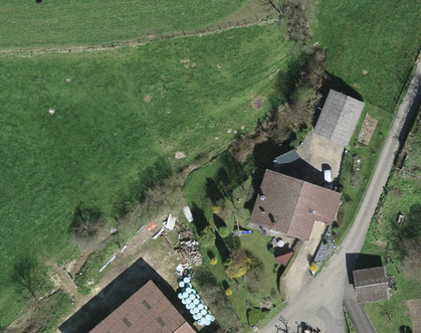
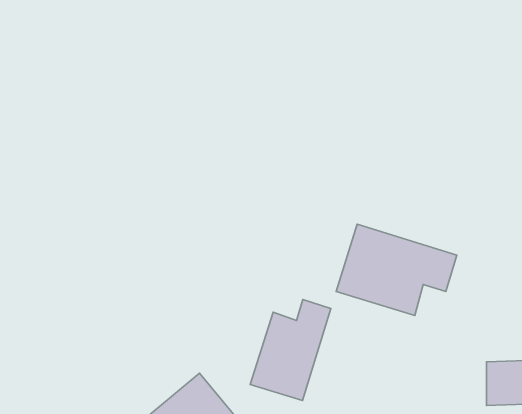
building: [313,95,360,146] -> none
building: none -> [250,300,331,401]

